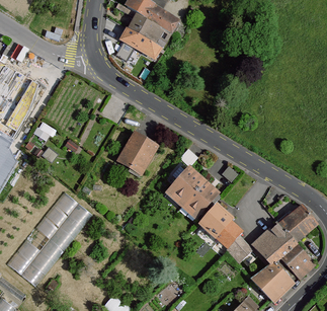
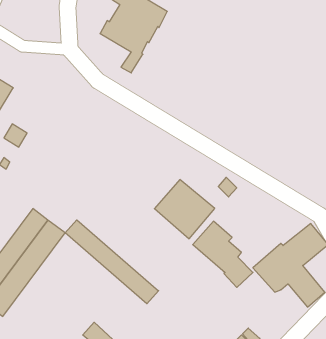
building: [117,132,159,174] -> none
building: none -> [65,220,159,304]
building: [253,263,295,302] -> none

